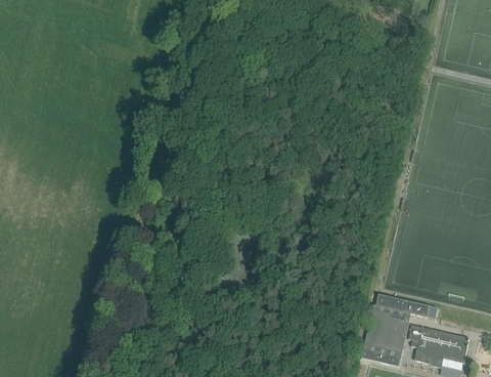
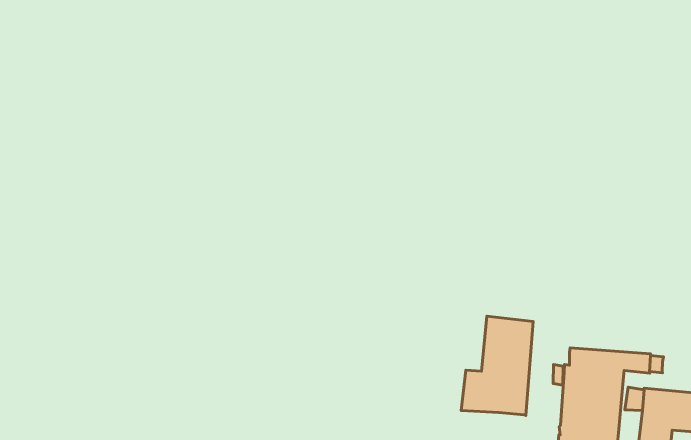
building: none -> [461,316,533,415]

